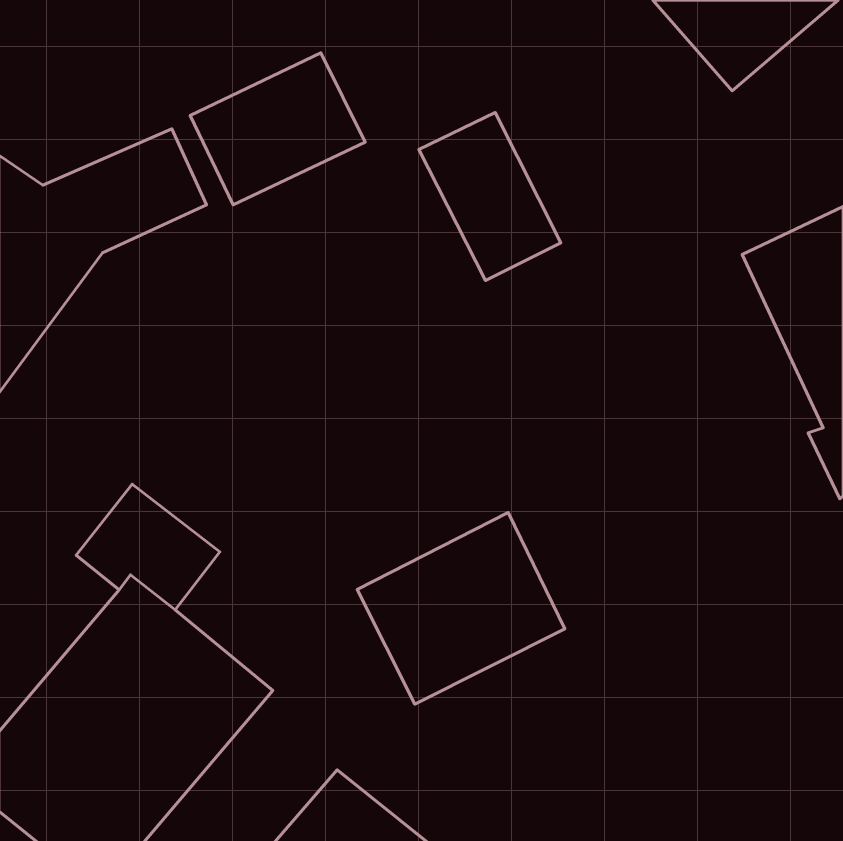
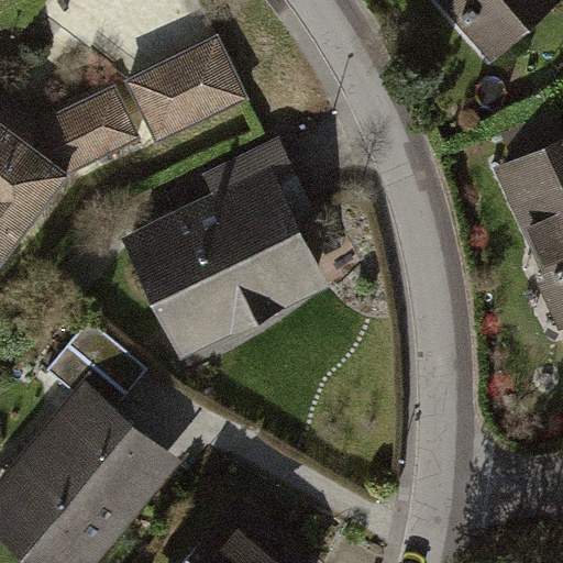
building: [419,113,561,281] -> none
building: none -> [122,139,328,358]
building: [357,512,565,704] -> none

